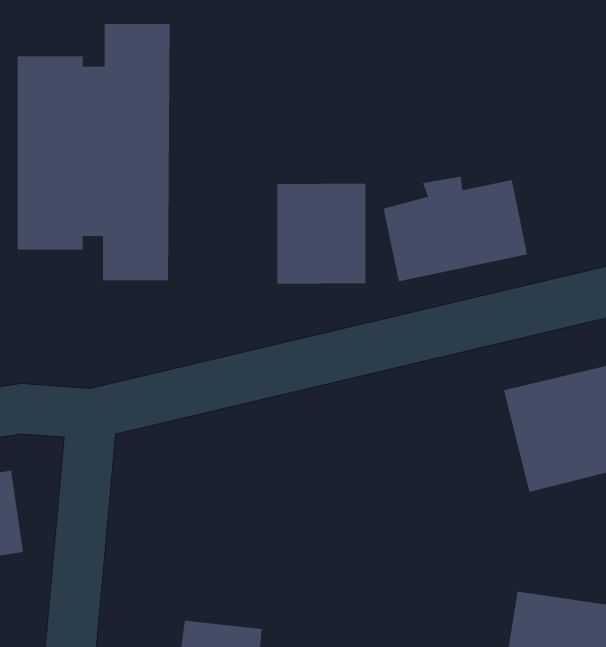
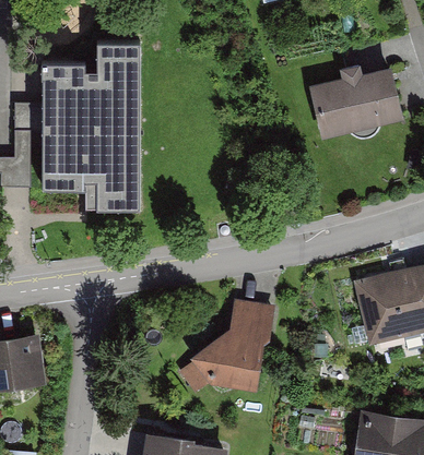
building: [383,176,528,282] -> [311,67,404,134]
building: [277,183,366,285] -> none
building: none -> [177,303,273,388]

